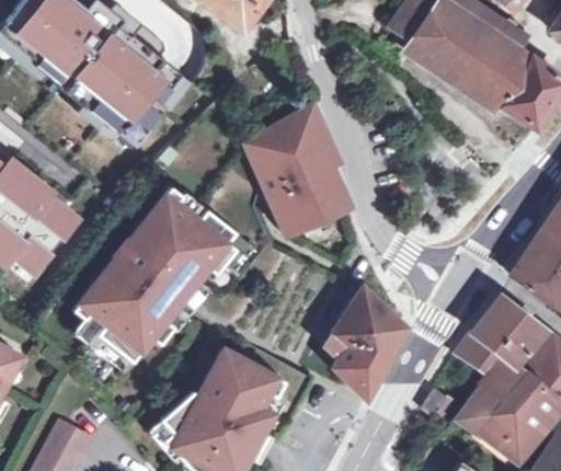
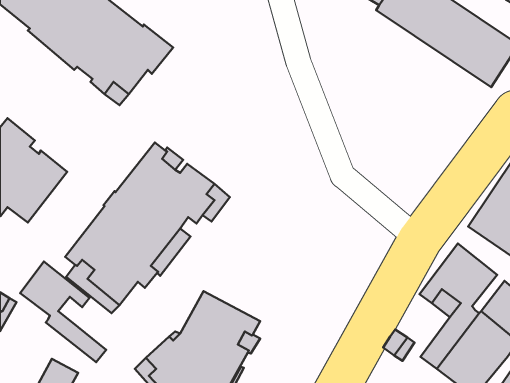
building: [243,103,348,237] -> none
building: [327,287,404,397] -> none
building: none -> [20,262,106,362]

